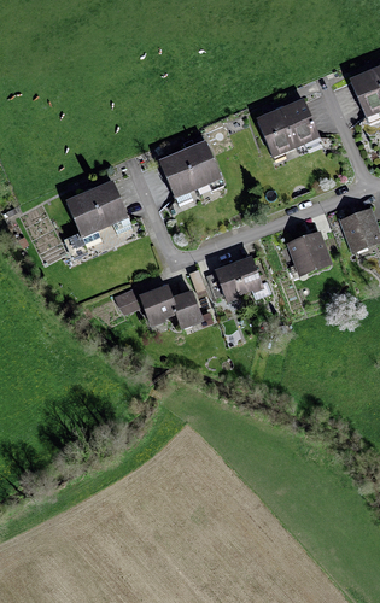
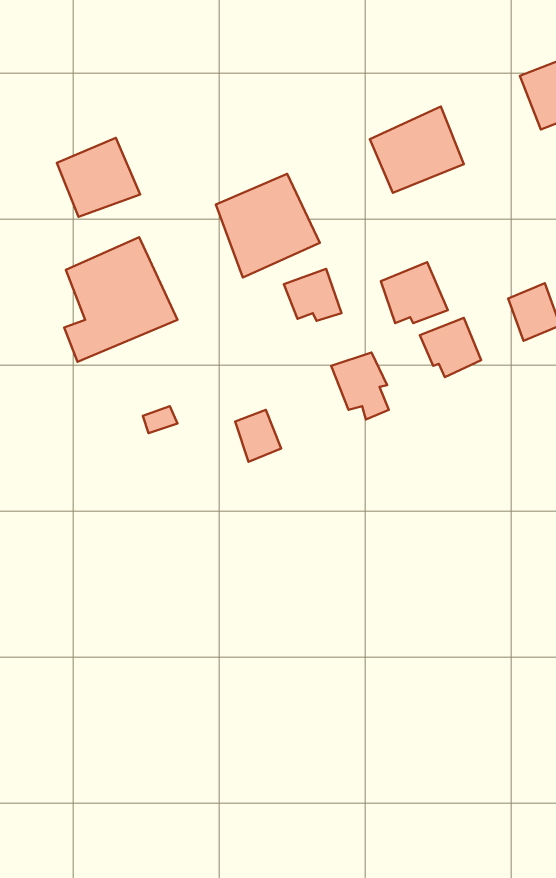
building: none -> [57,138,140,217]
building: none -> [381,262,448,323]
building: [204,263,240,295] -> [284,269,342,321]
building: [139,285,175,320] -> none

